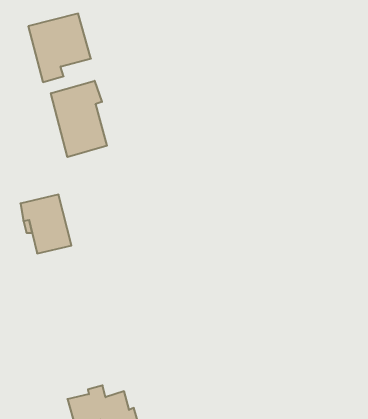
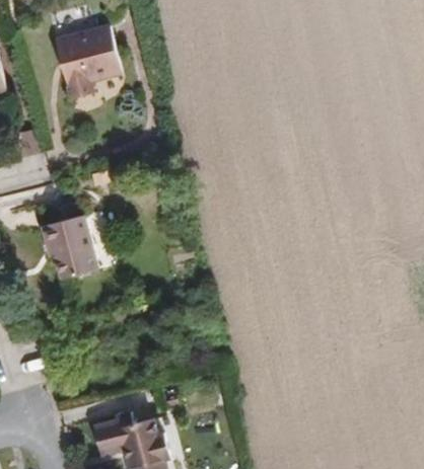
building: [51,81,107,157] -> none

